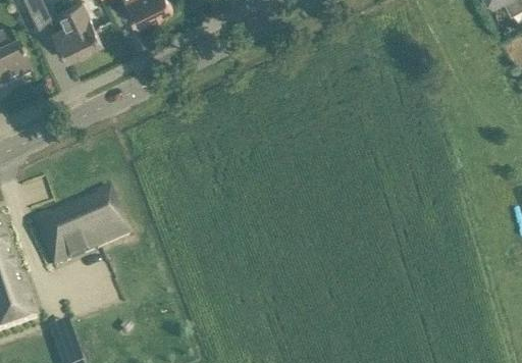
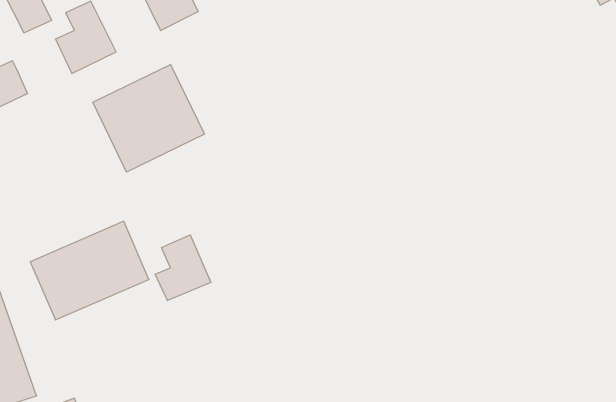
building: none -> [93,64,204,172]
building: none -> [155,235,211,301]

